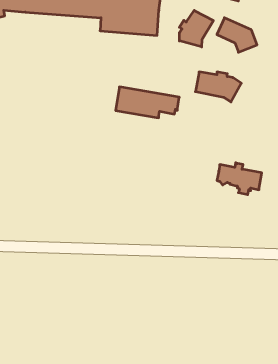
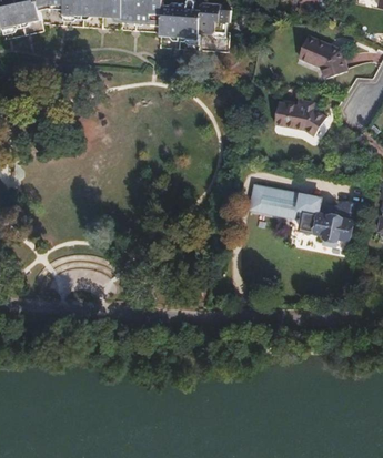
building: [179,10,213,47] -> none
building: [116,87,179,118] -> [249,176,324,213]

